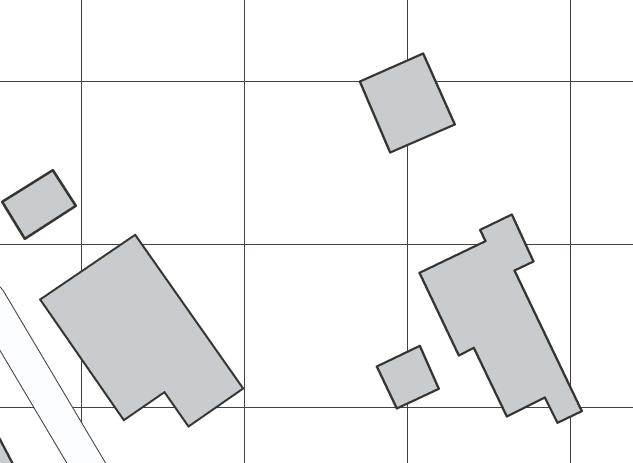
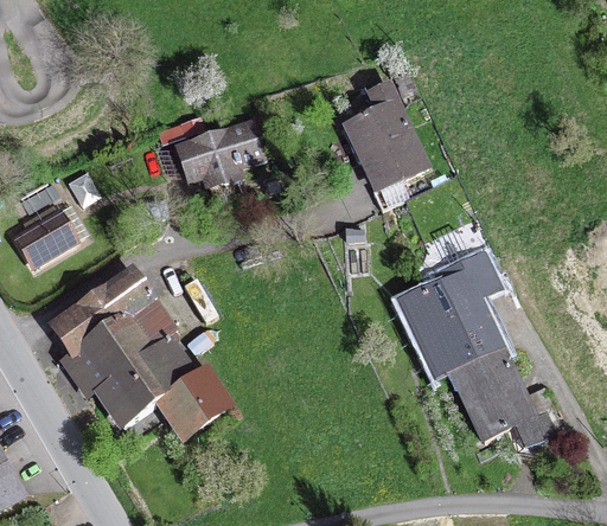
building: none -> [172,117,260,197]
building: [377,346,439,409] -> none

